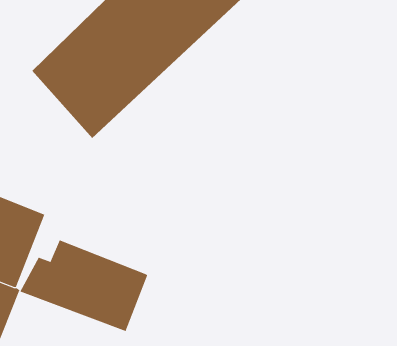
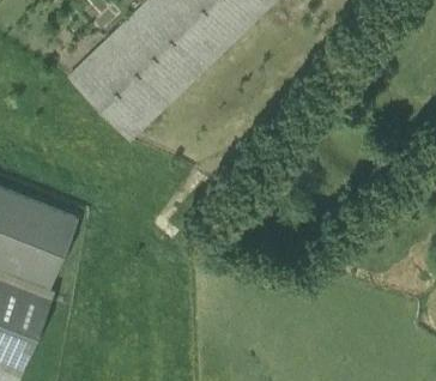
building: [20,240,148,332] -> none

